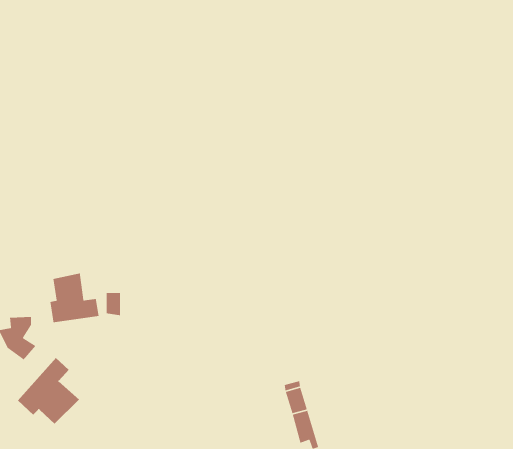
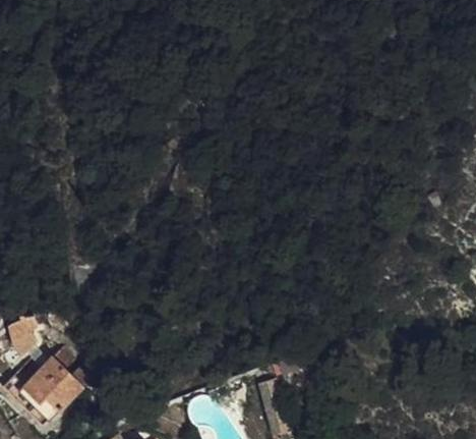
building: [49,272,99,323] -> none

